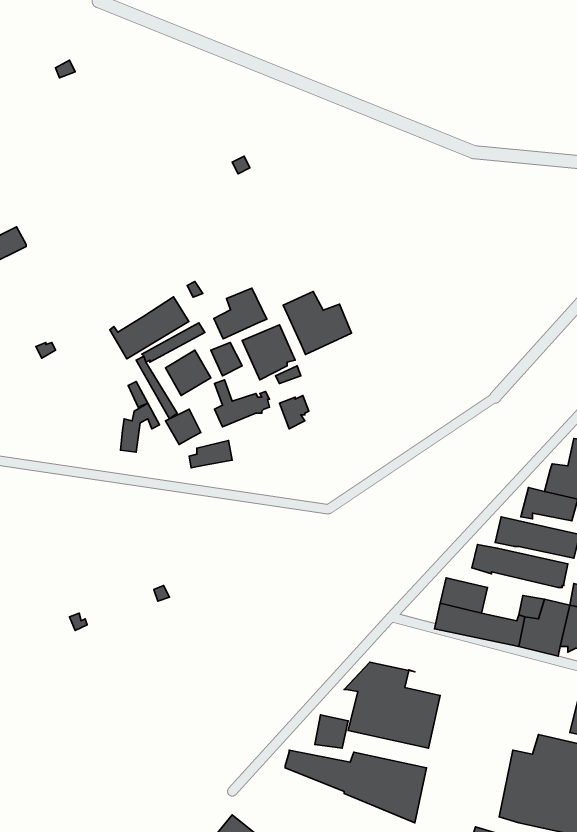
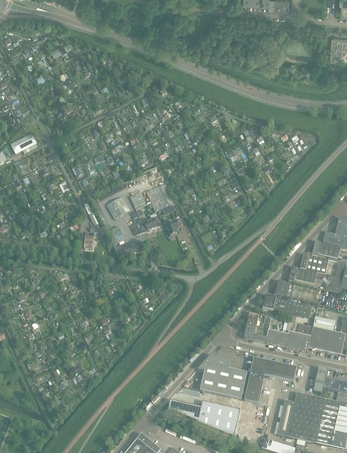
building: [214,288,267,339] -> none
building: [283,292,351,355] -> none
building: [110,297,189,359] -> none
building: none -> [244,357,297,403]

